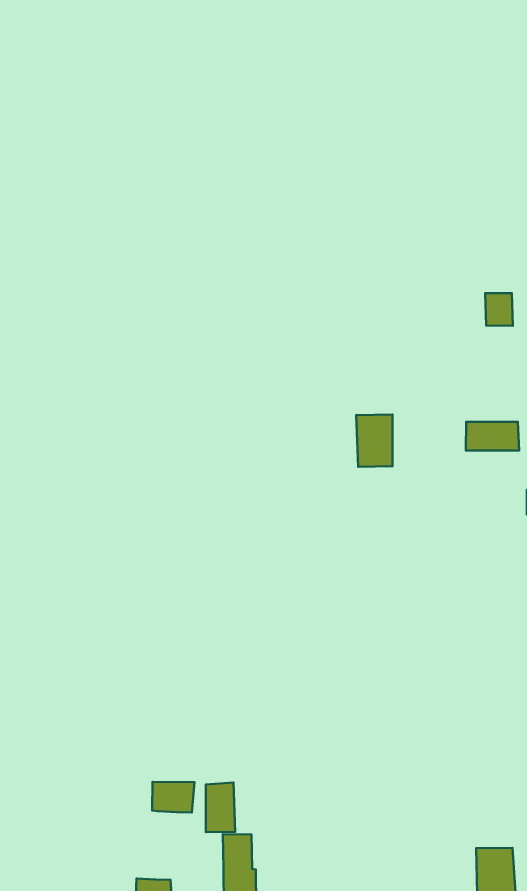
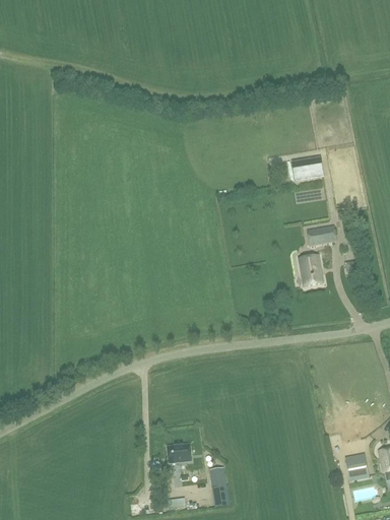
building: [356,415,393,467] -> [299,254,322,284]
building: [206,783,235,832] -> none

